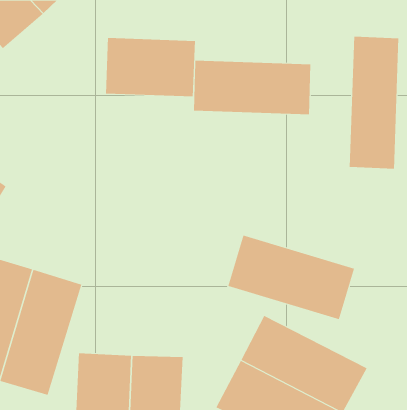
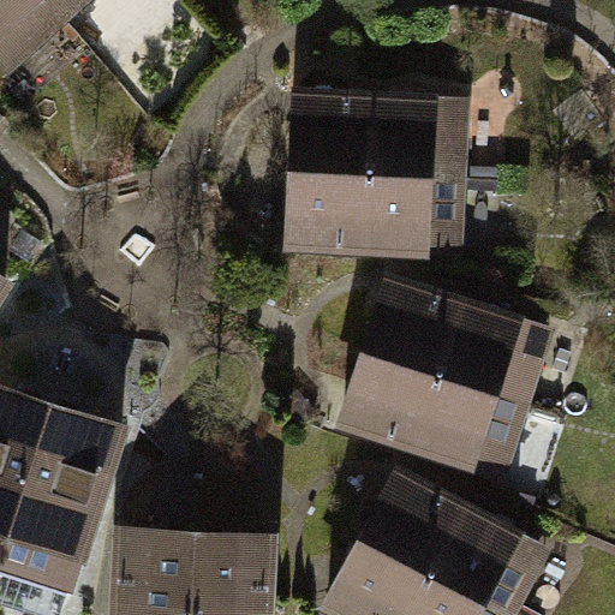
building: [349,36,399,169] -> none
building: [106,37,195,97] -> none
building: none -> [286,167,462,253]
building: none -> [363,279,551,402]

